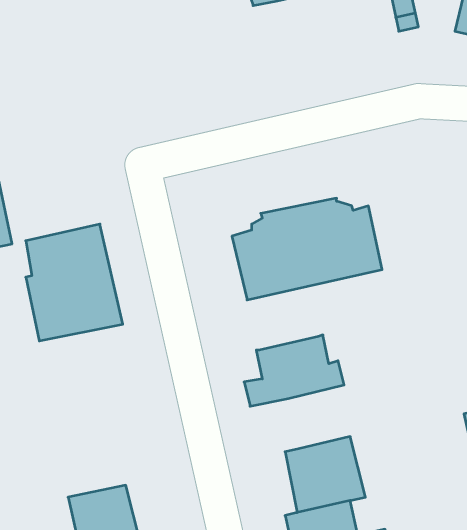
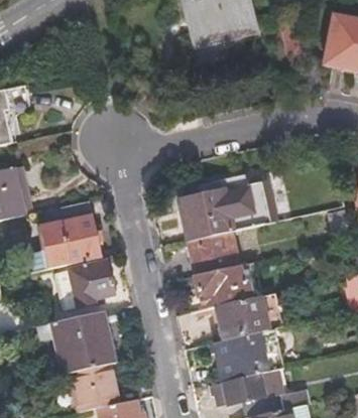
building: none -> [188,232,235,274]
building: none -> [62,262,110,308]
building: none -> [215,292,282,339]
building: none -> [35,311,111,374]

